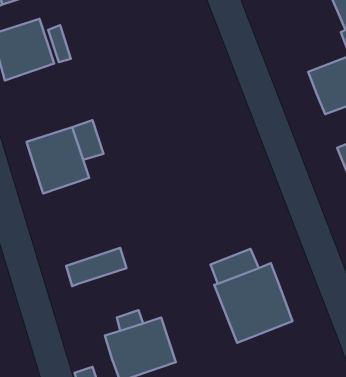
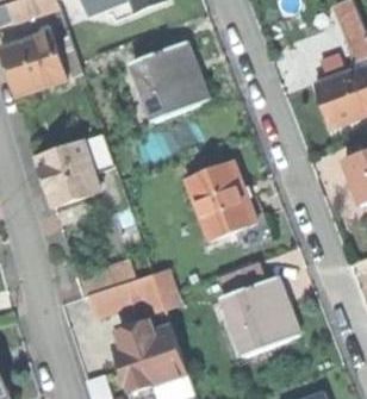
building: none -> [133,42,209,119]
building: none -> [186,161,257,241]
building: none -> [88,274,163,318]

